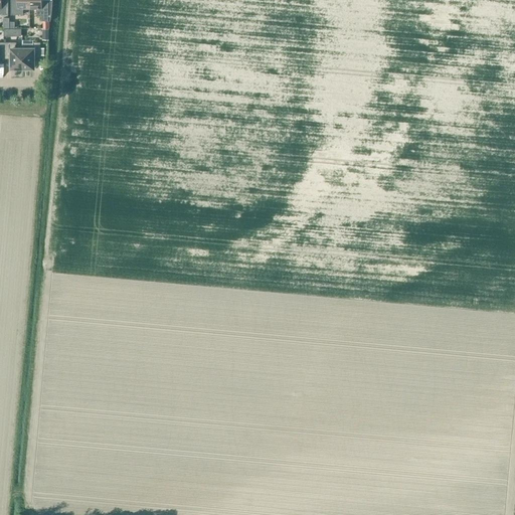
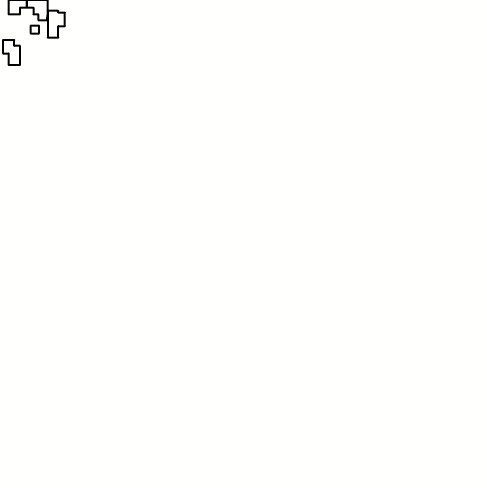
building: [21,40,39,68] -> [48,11,65,38]

